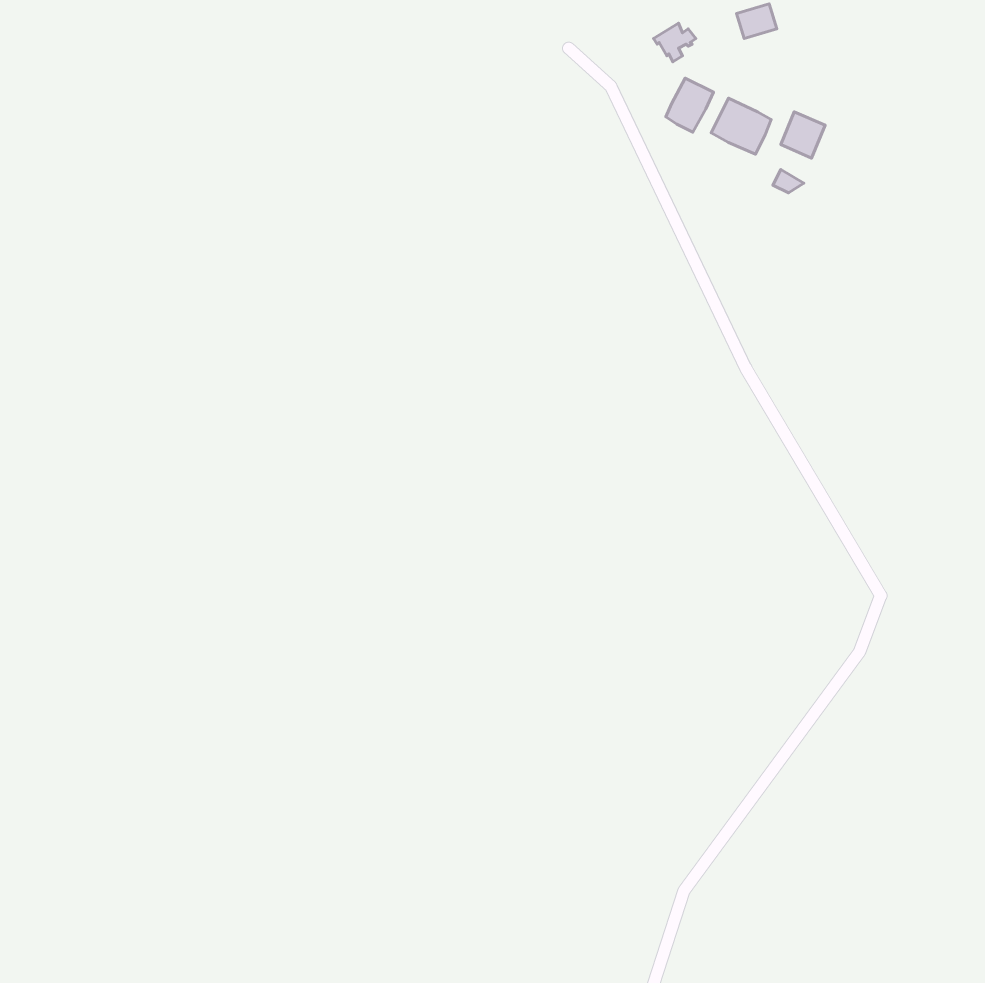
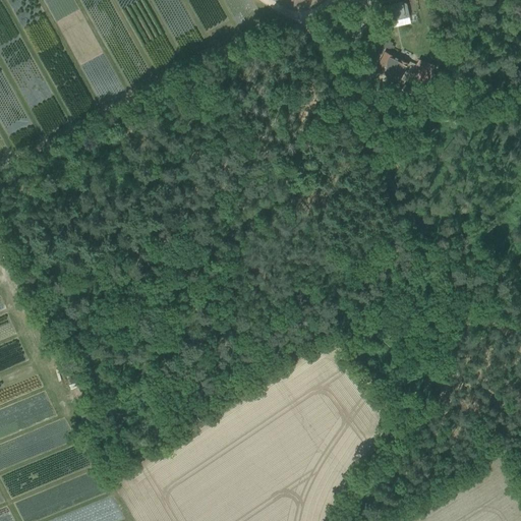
building: [666,78,713,132] -> none

